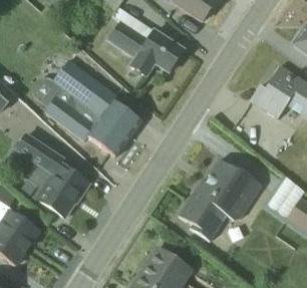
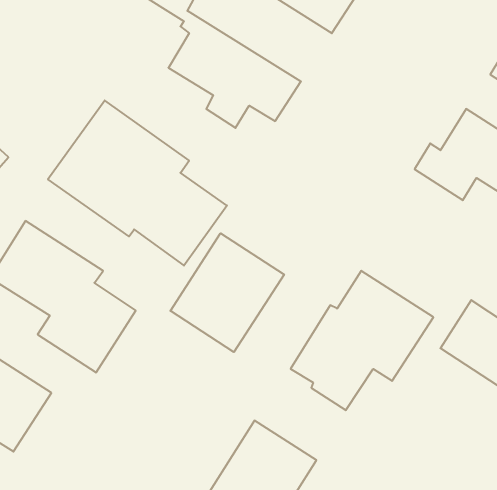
building: none -> [170,233,284,352]

